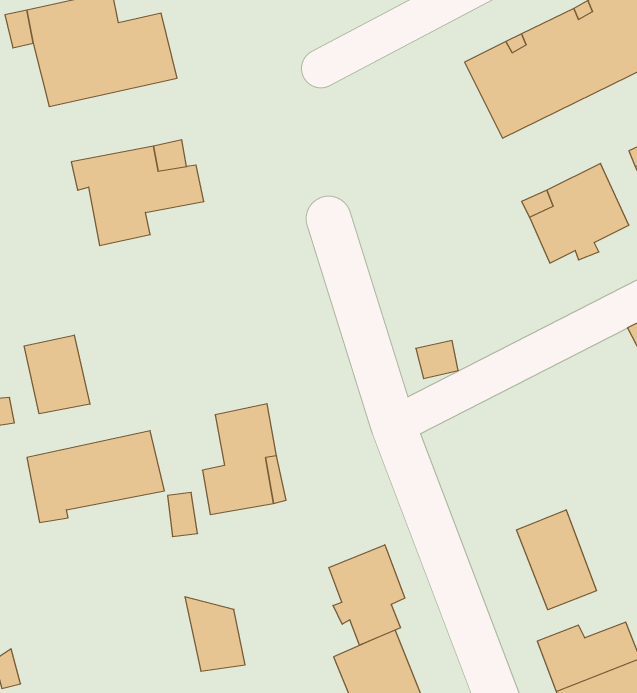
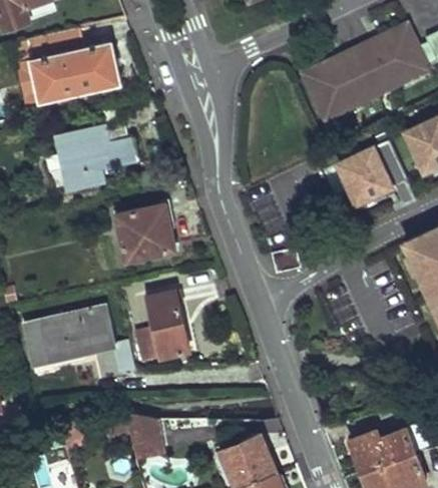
building: none -> [115,205,168,262]
building: [24,335,90,414] -> none
building: [517,510,597,610] -> none
building: [329,545,405,645] -> none

